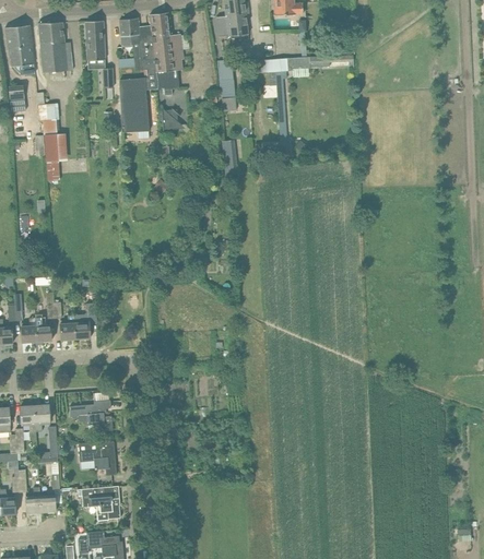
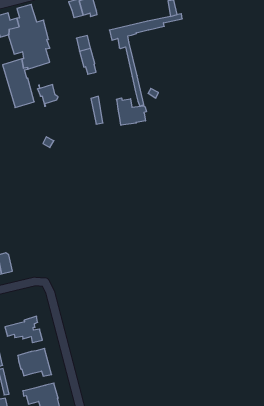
building: none -> [116,98,146,125]

